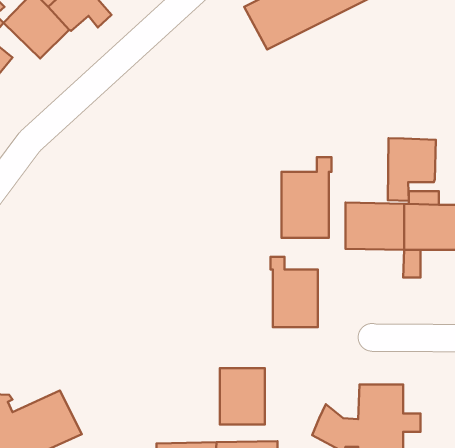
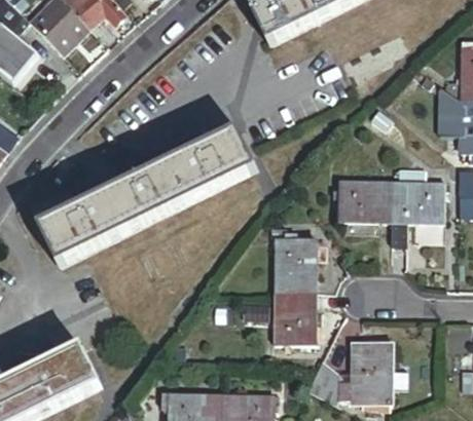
building: [388,138,436,201] -> none
building: none -> [39,129,255,267]
building: [281,157,331,238] -> none
building: [220,368,265,424] -> [274,292,314,342]

